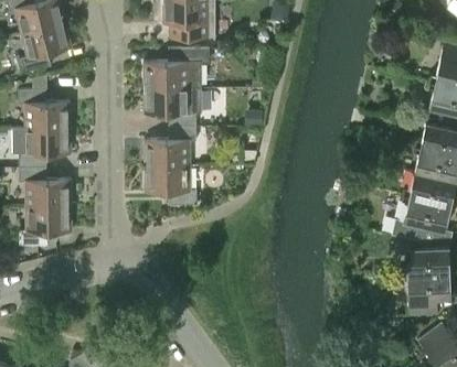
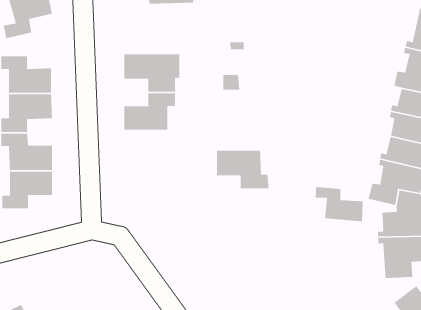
building: [144,50,209,88] -> none
building: [144,166,198,206] -> [216,150,269,189]
building: none -> [315,186,364,222]

